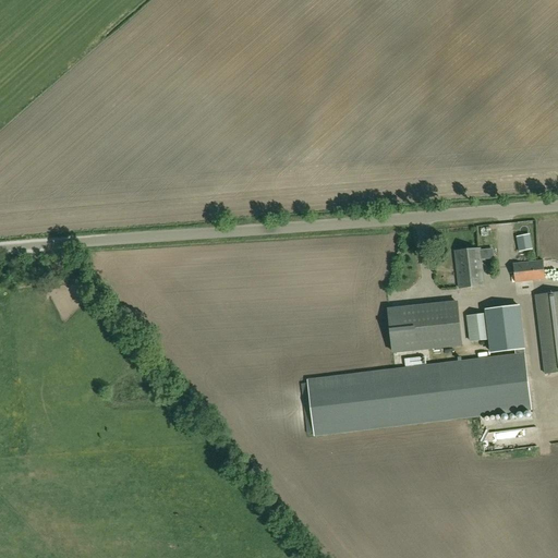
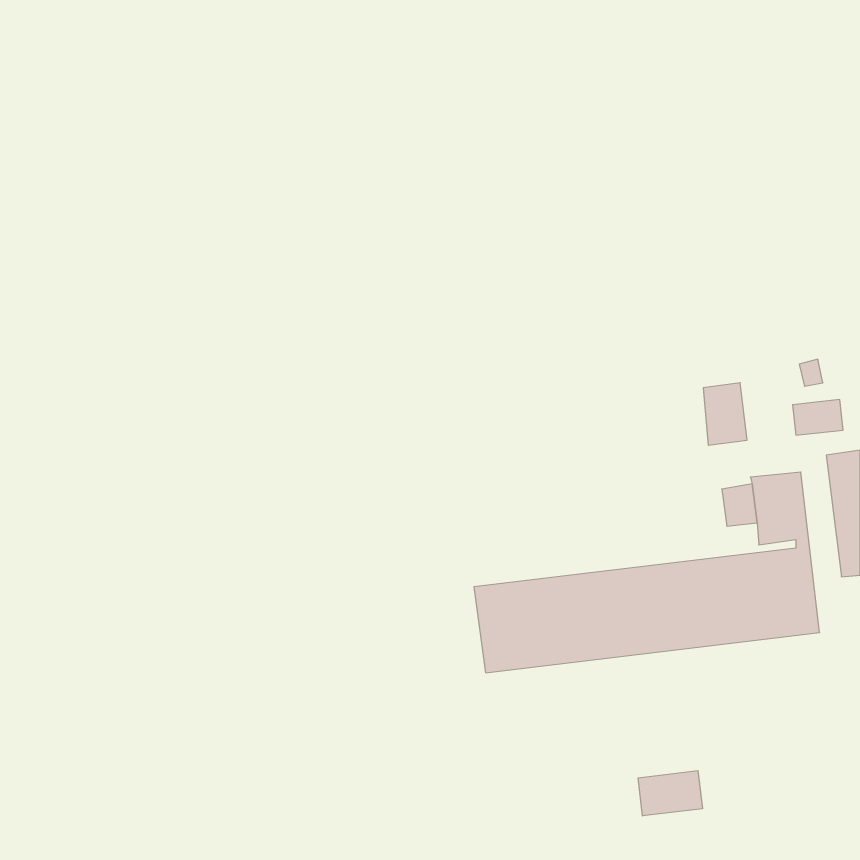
building: [388,301,460,352] -> none
building: none -> [638,771,702,816]

